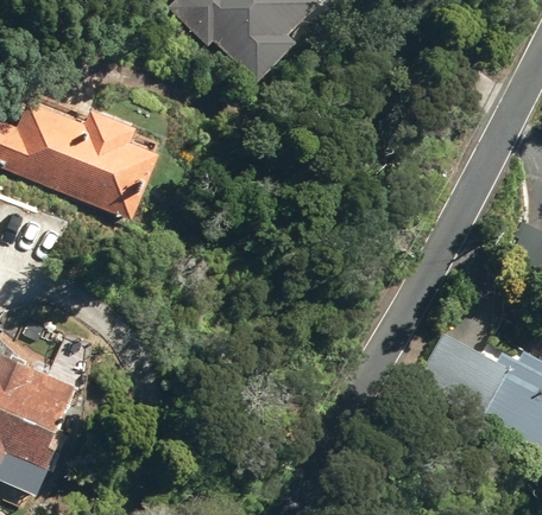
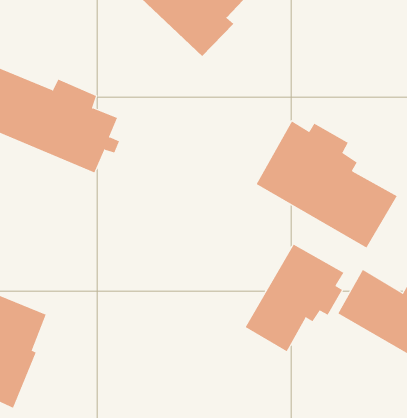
building: none -> [256,121,398,249]
building: none -> [245,244,344,352]

